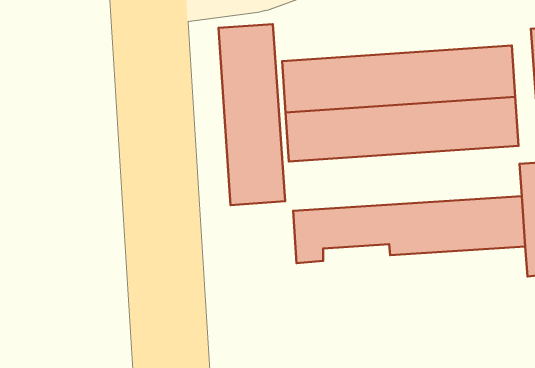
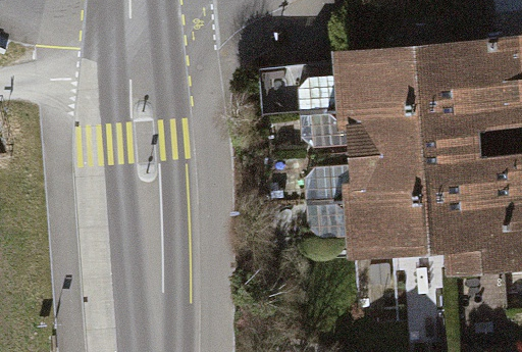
building: [218,24,285,205] -> none
building: none -> [281,140,494,199]

